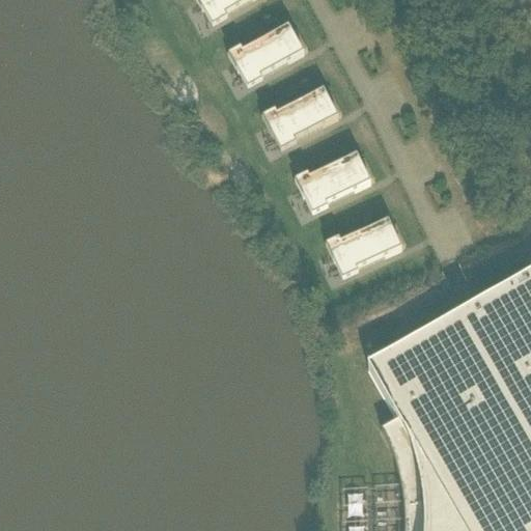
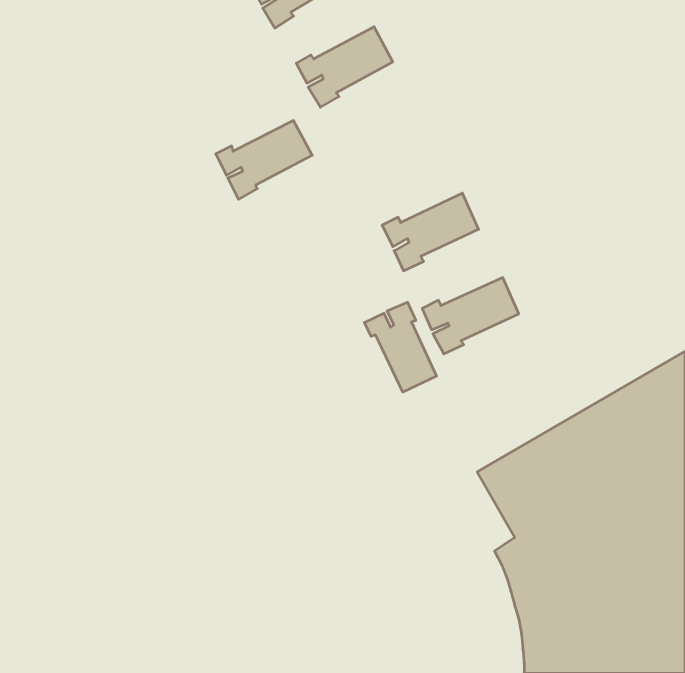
building: [263,85,338,146] -> [216,120,312,199]
building: none -> [364,302,437,392]

